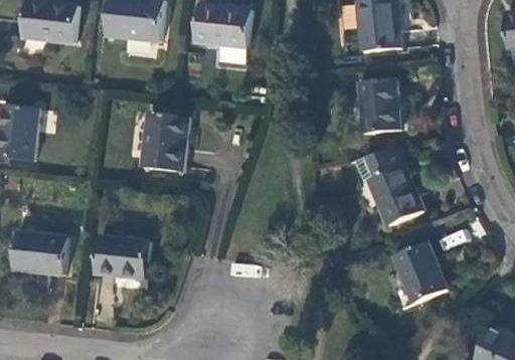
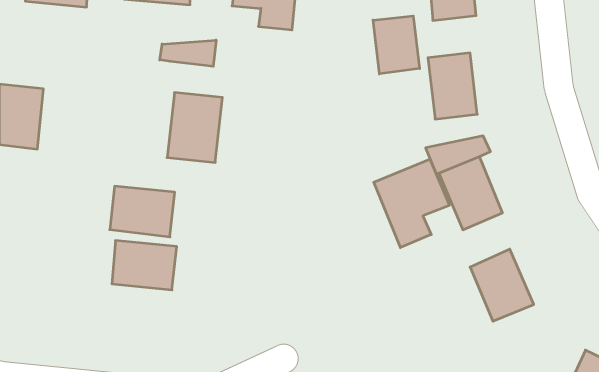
building: none -> [373,16,420,74]
building: none -> [160,40,216,66]
building: none -> [374,159,449,248]
building: [13,232,67,275] -> [110,186,175,237]

